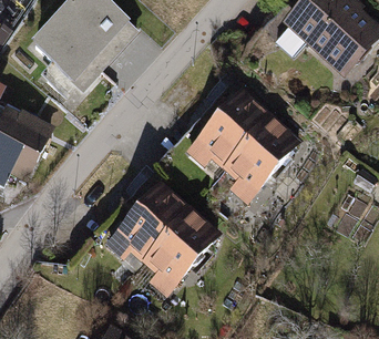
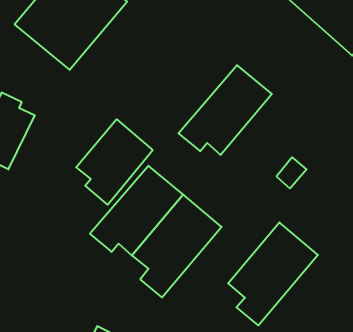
building: [223,110,306,205] -> [228,222,318,325]
building: none -> [76,119,153,205]

